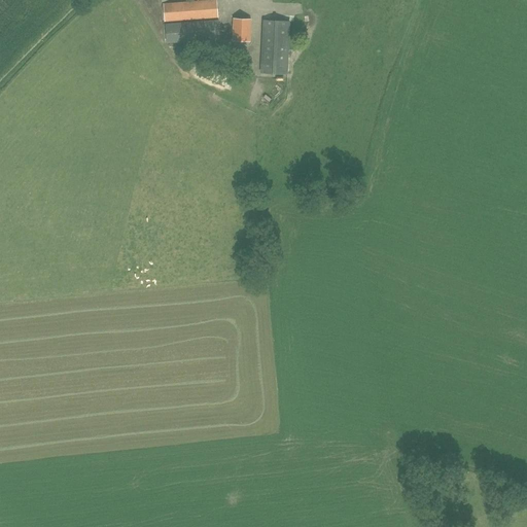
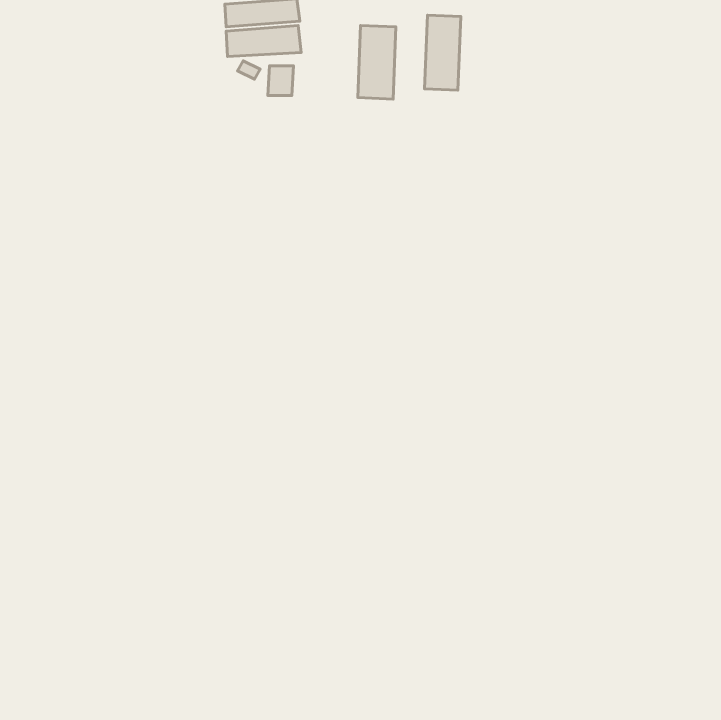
building: none -> [425,15,461,90]
building: [232,17,250,39] -> [268,66,293,96]

